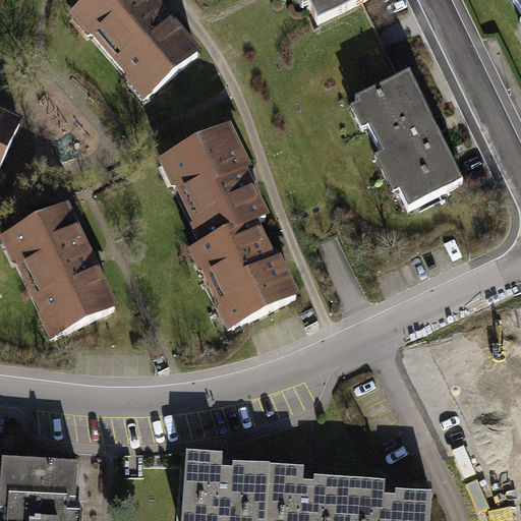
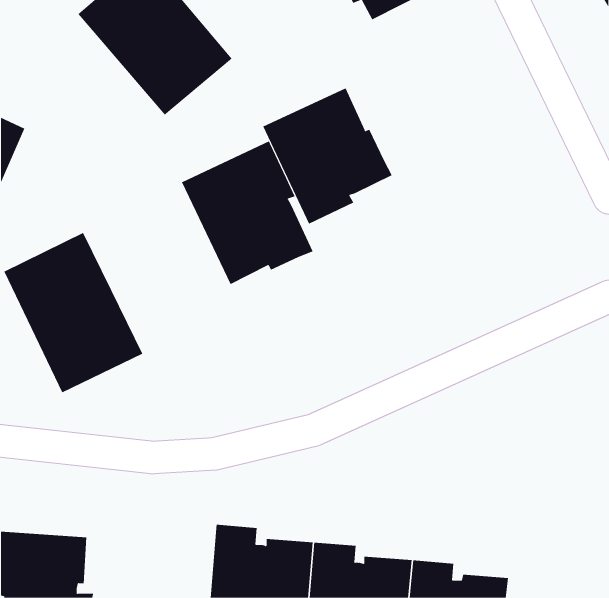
building: [351,68,463,204] -> none
building: none -> [263,87,393,224]
building: [186,220,296,329] -> none

